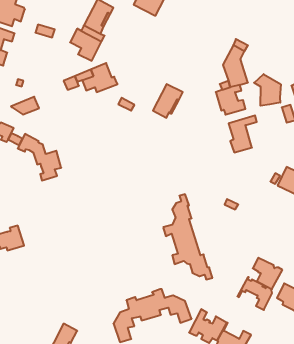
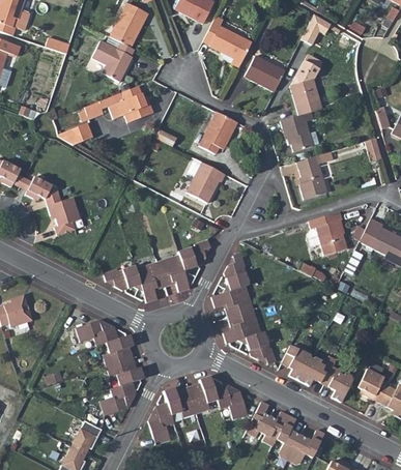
building: none -> [302,13,331,45]
building: none -> [203,17,252,67]
building: none -> [246,57,284,91]
building: [254,74,281,106] -> none
building: [11,97,39,115] -> [58,122,94,145]
building: none -> [187,158,226,203]
building: none -> [289,212,346,256]
building: none -> [103,240,210,302]
building: none -> [77,319,144,416]
building: [253,258,282,289] -> [283,345,321,385]

